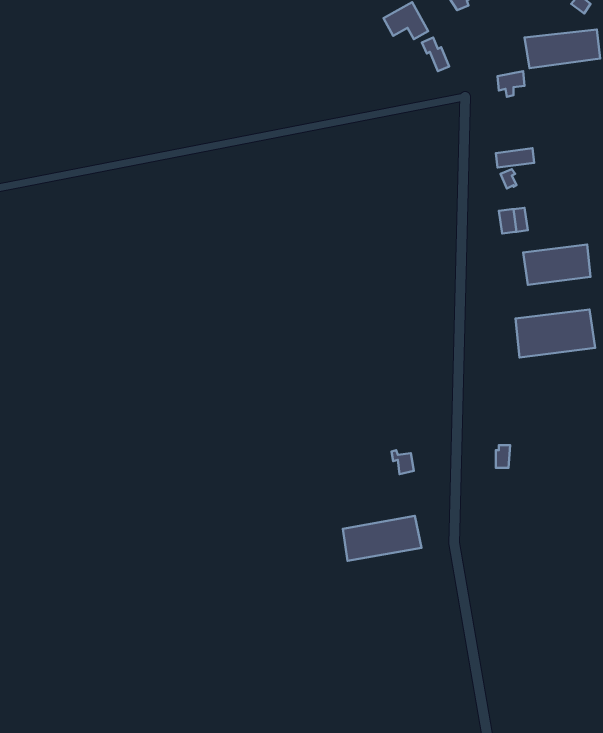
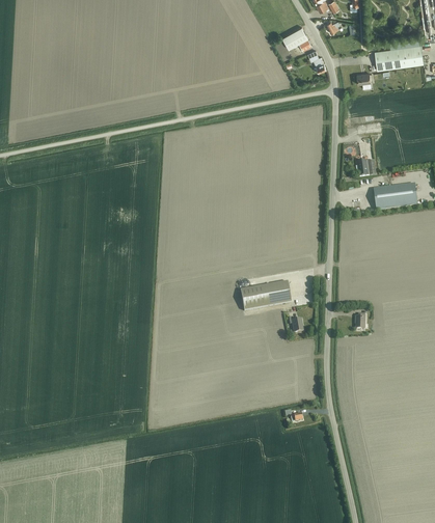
building: [515,310,595,357] -> none
building: [343,516,421,561] -> [240,281,291,310]

